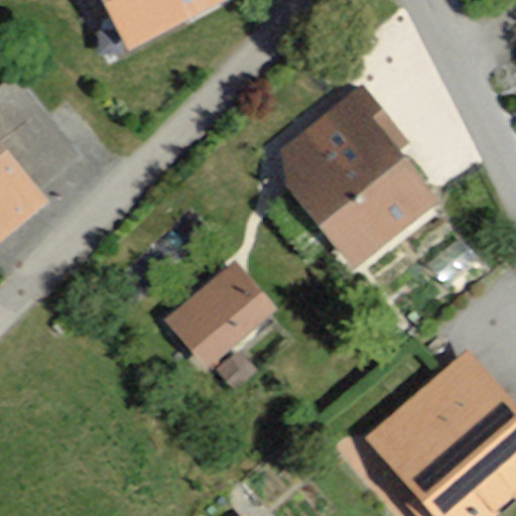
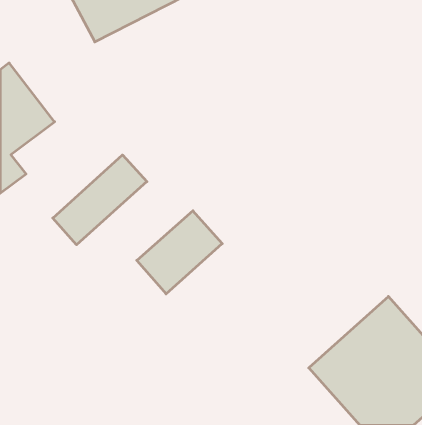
building: [276,88,431,272] -> none
building: none -> [53,155,147,245]

